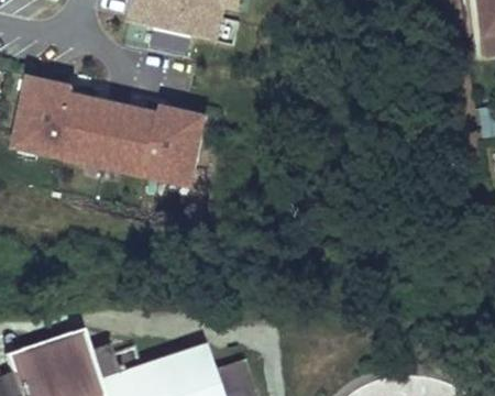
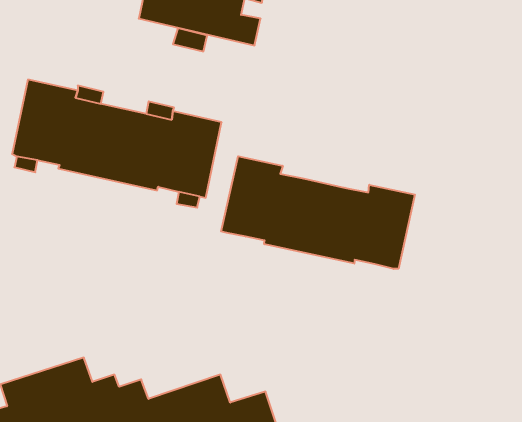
building: none -> [221,156,415,269]

